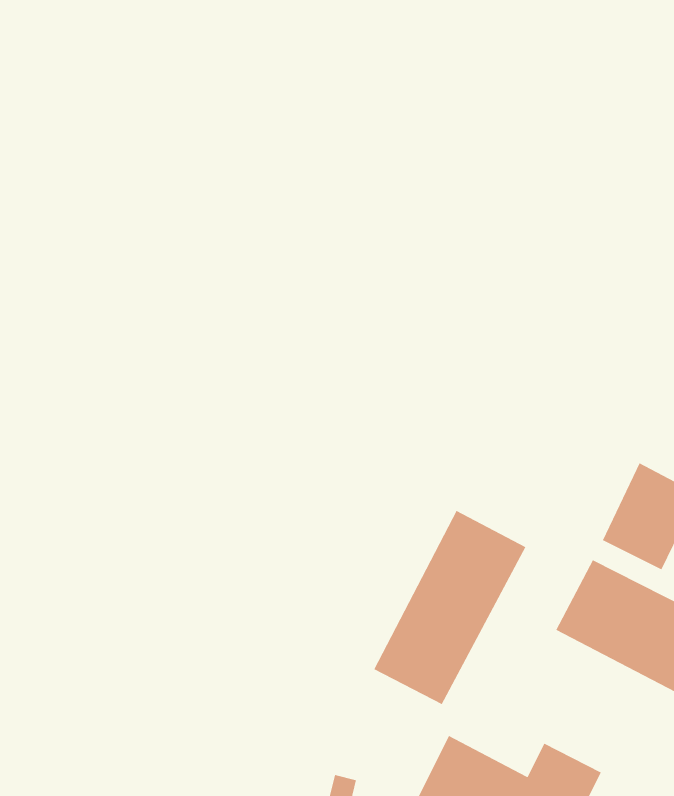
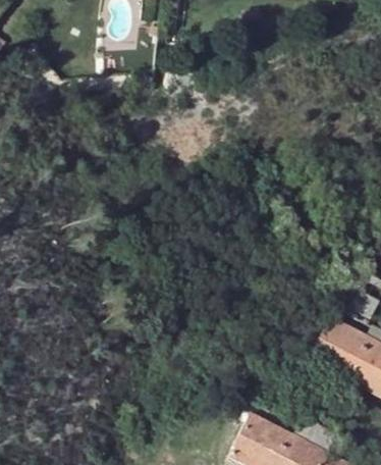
building: [373,510,526,705] -> none

